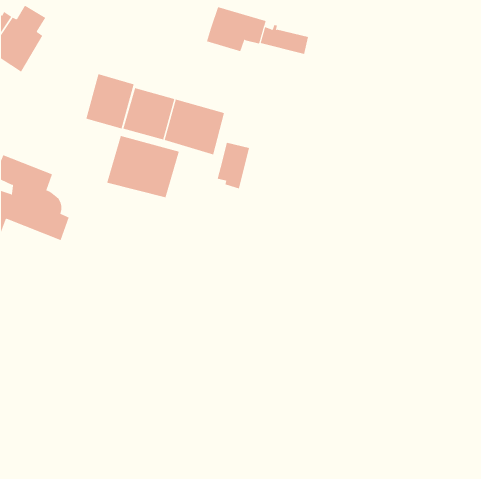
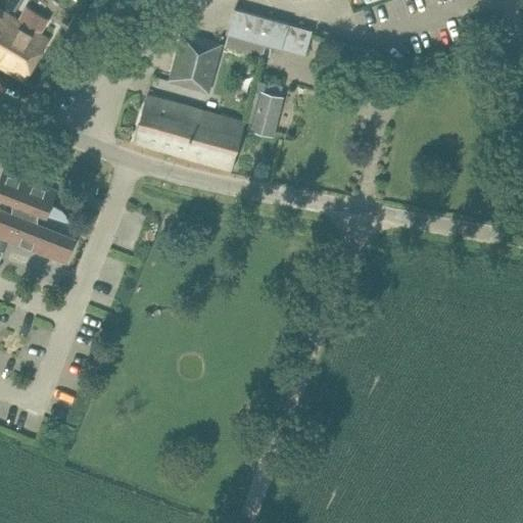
building: [86,74,135,129] -> [169,34,222,94]
building: [106,135,179,198] -> none
building: [217,142,250,189] -> [246,82,282,133]

